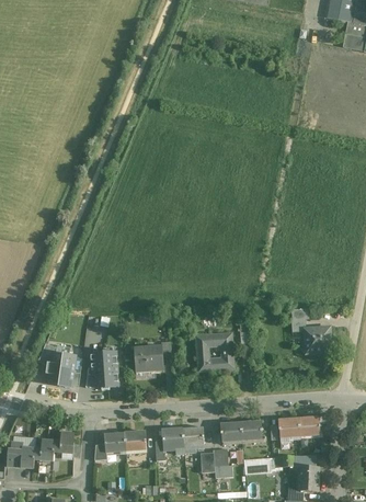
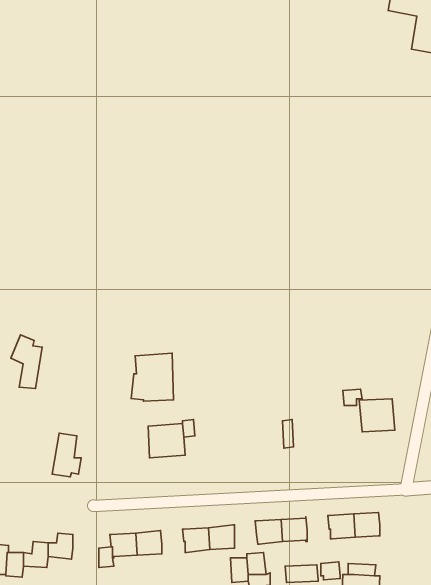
building: [195,331,235,370] -> none
building: [37,342,62,385] -> [11,335,42,388]
building: [84,350,118,388] -> [131,353,174,401]

